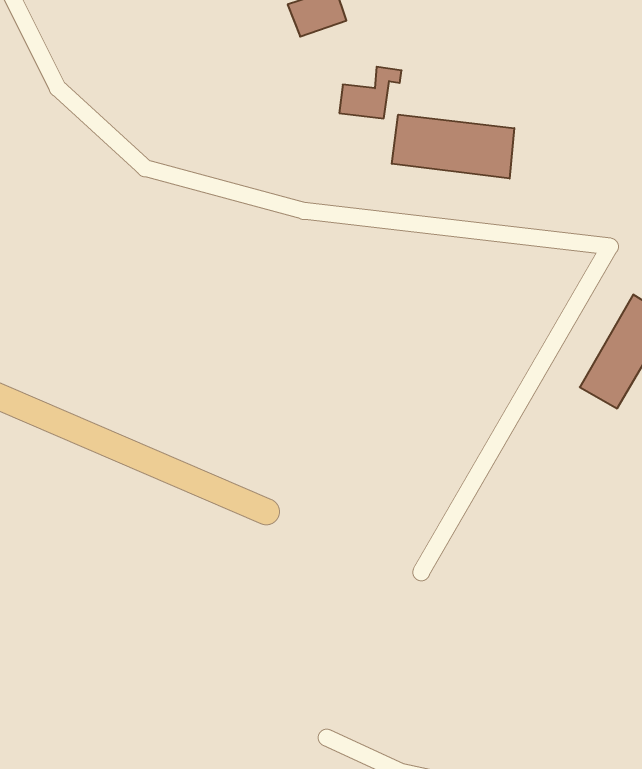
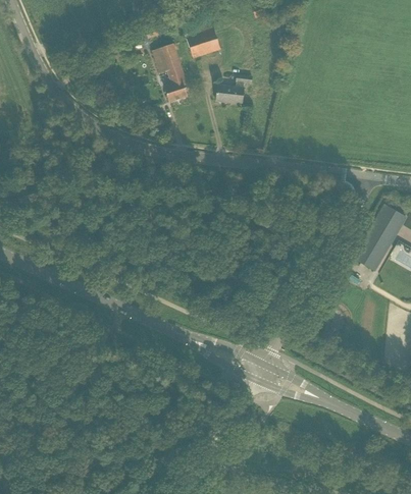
building: none -> [152,44,187,102]
building: [392,115,514,179] -> none

